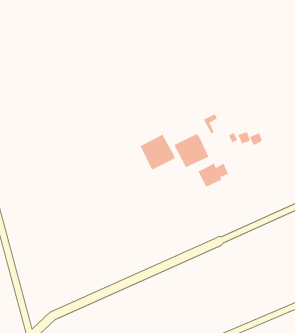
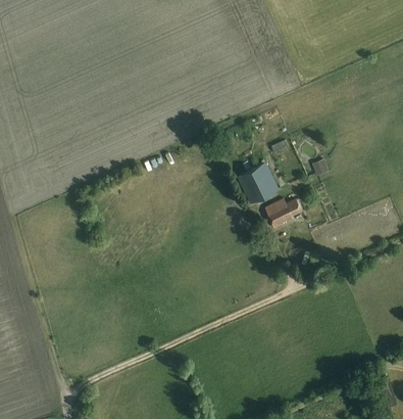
building: [140,134,175,171] -> none

